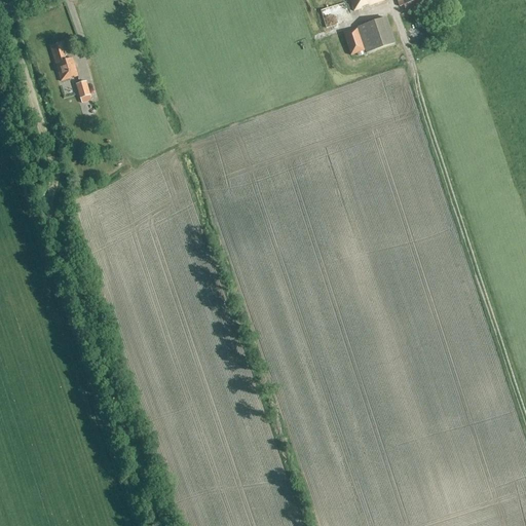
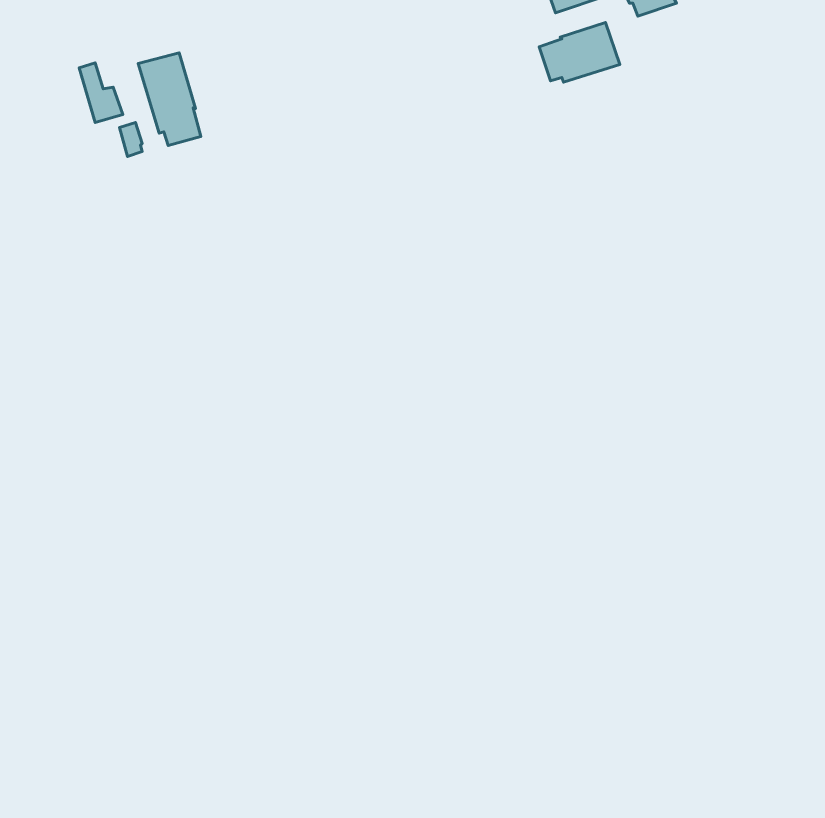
building: none -> [138,53,201,146]

